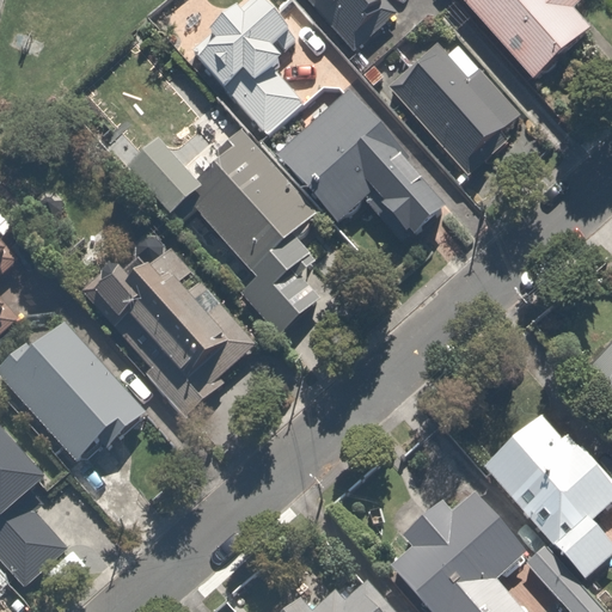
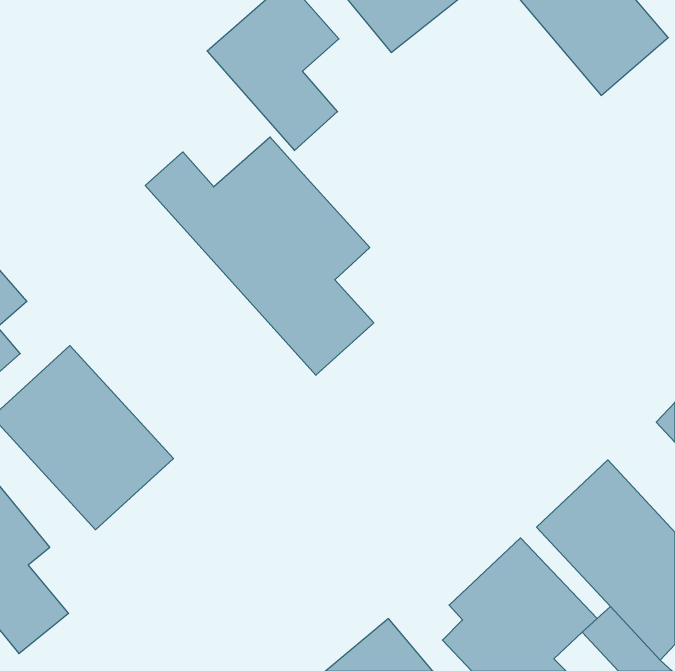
building: [379,27,527,180] -> none
building: [270,84,459,245] -> none
building: [84,233,274,429] -> none

